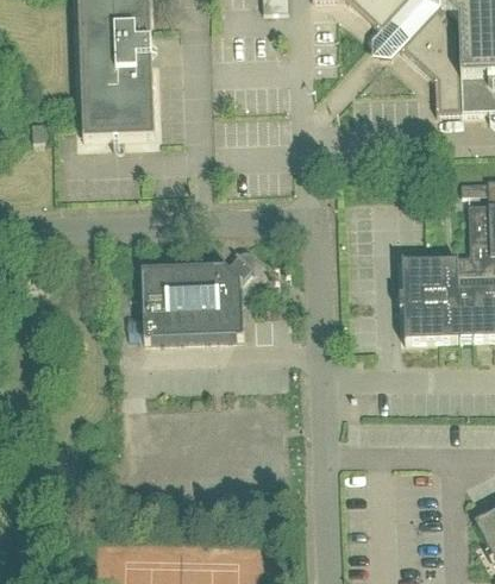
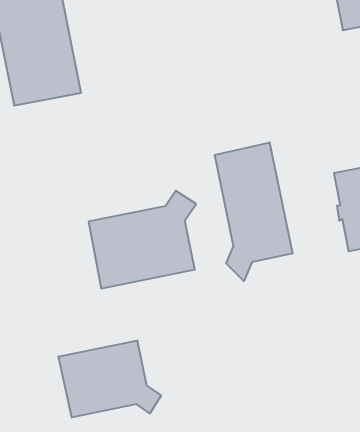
building: none -> [215,142,292,281]
building: none -> [58,340,161,418]

